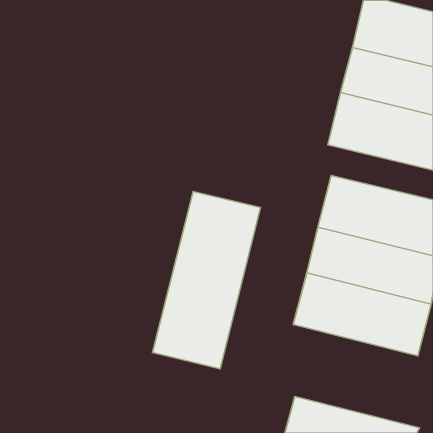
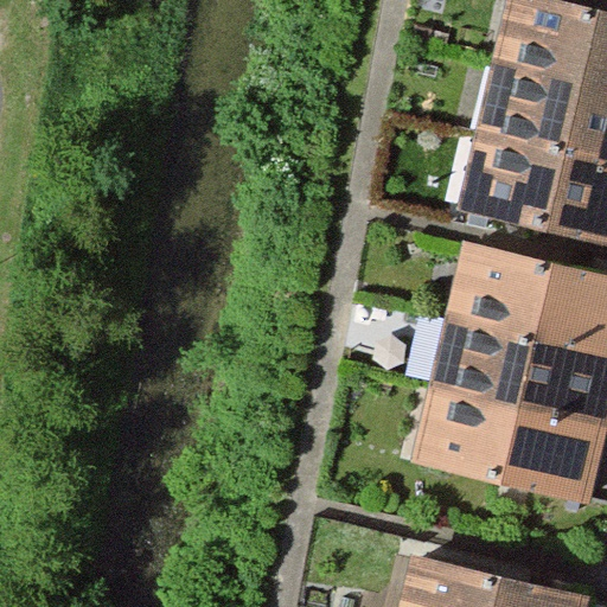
building: [153,191,261,369] -> none

